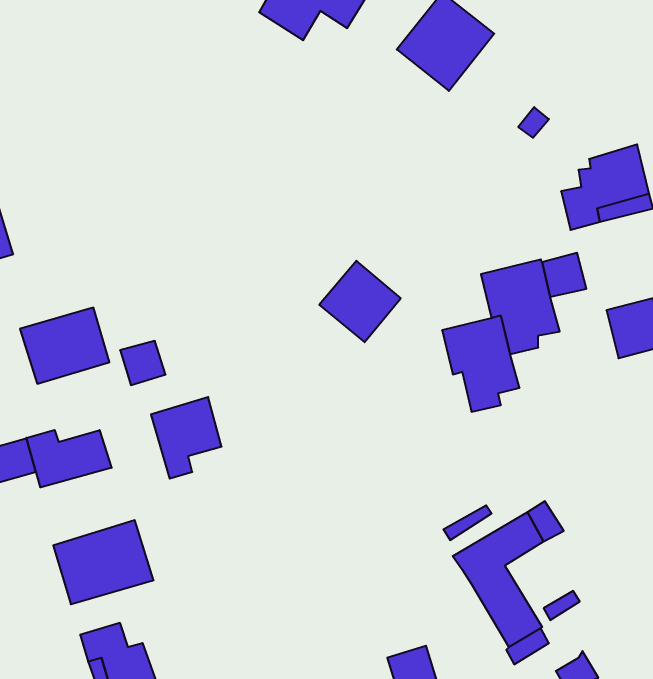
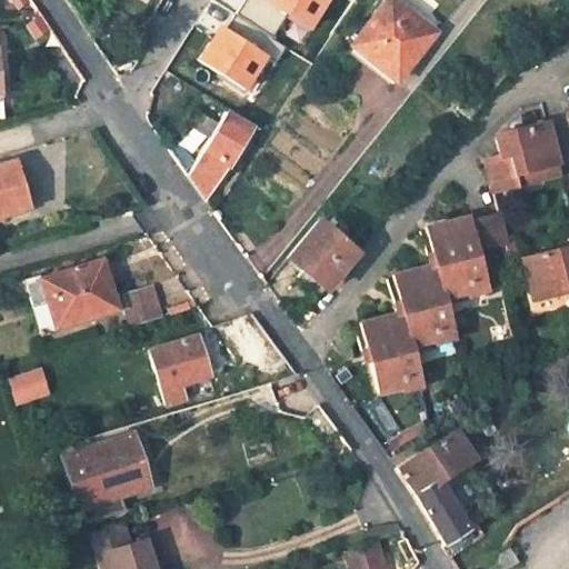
building: none -> [202,13,290,89]
building: none -> [190,113,250,199]
building: none -> [358,312,421,392]
building: [26,430,112,487] -> none

